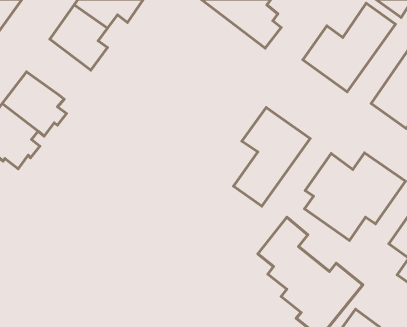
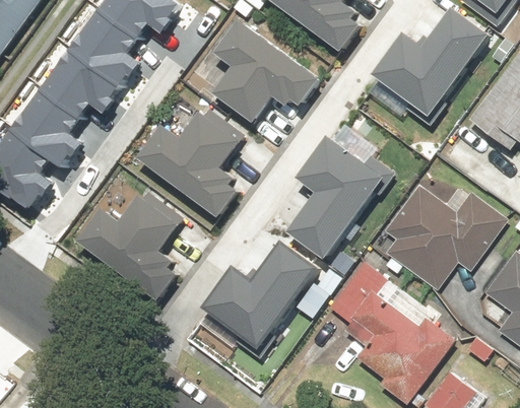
building: none -> [210,13,322,125]
building: none -> [42,49,120,117]
building: none -> [138,105,248,218]
building: none -> [76,183,186,296]
building: none -> [206,235,319,343]

